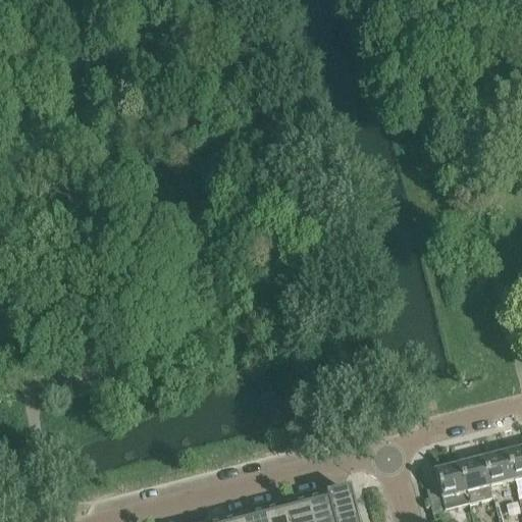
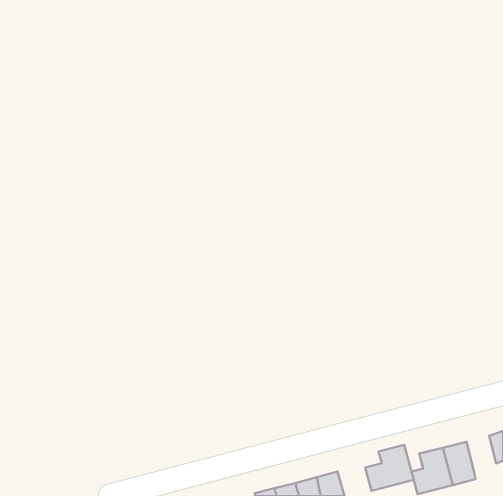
building: [483,451,514,485] -> none
building: none -> [365,445,414,491]

